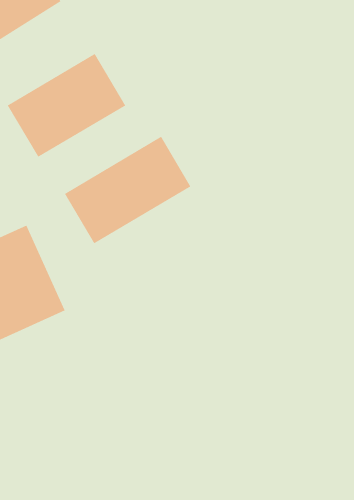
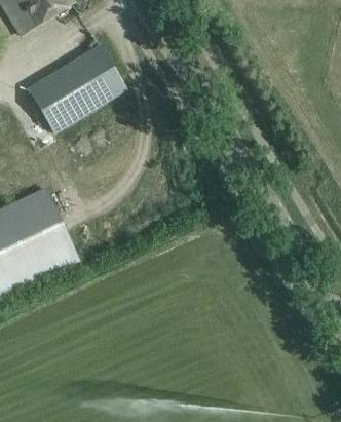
building: [64,136,191,244] -> none

